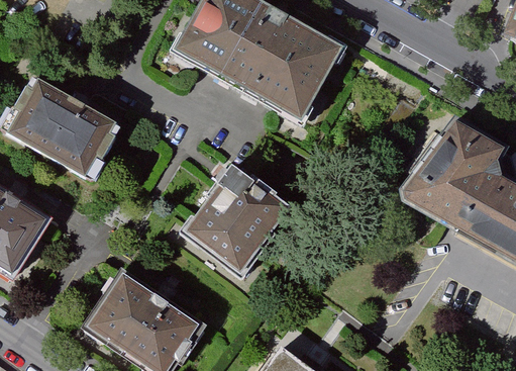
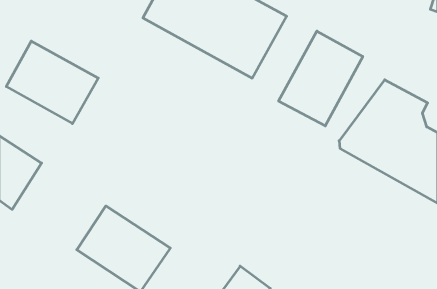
building: none -> [279,31,363,126]
building: [191,169,290,274] -> none

